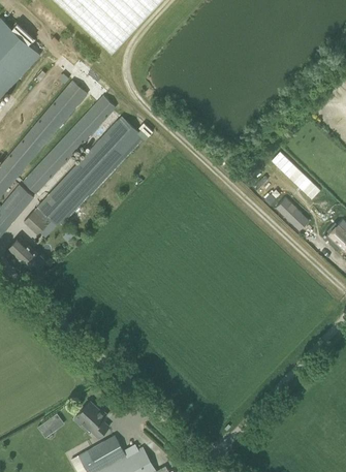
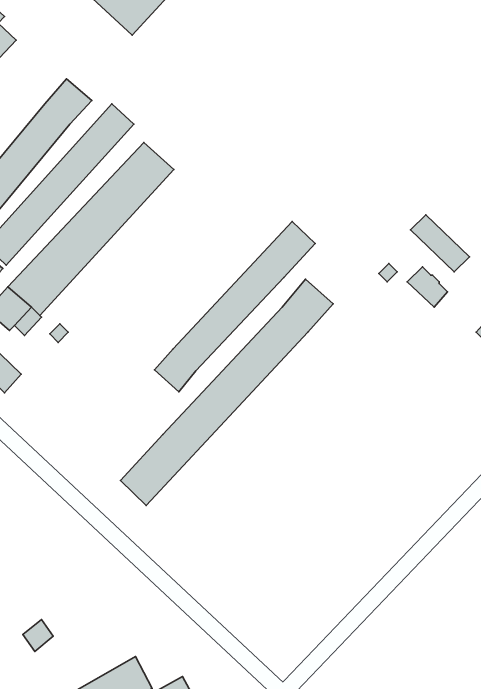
building: none -> [154,221,315,392]
building: none -> [120,279,333,506]
building: [73,402,109,439] -> none

